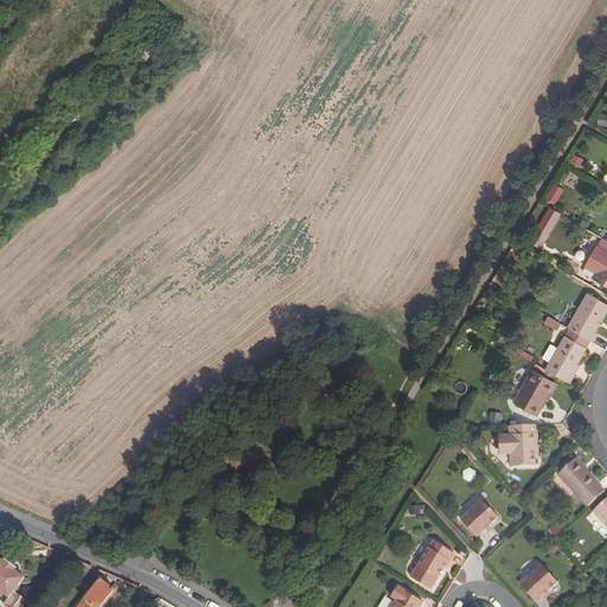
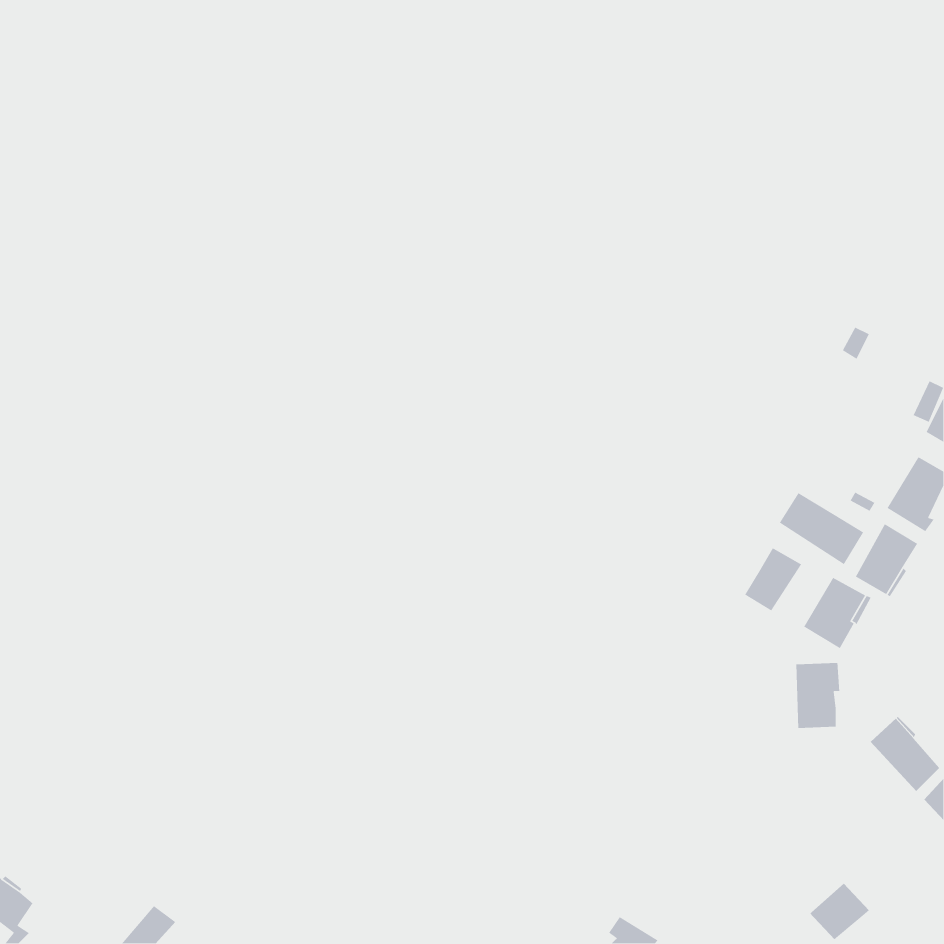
building: none -> [779,492,864,565]
building: none -> [744,547,802,611]
building: [458,499,497,536] -> none
building: [409,539,452,588] -> none

